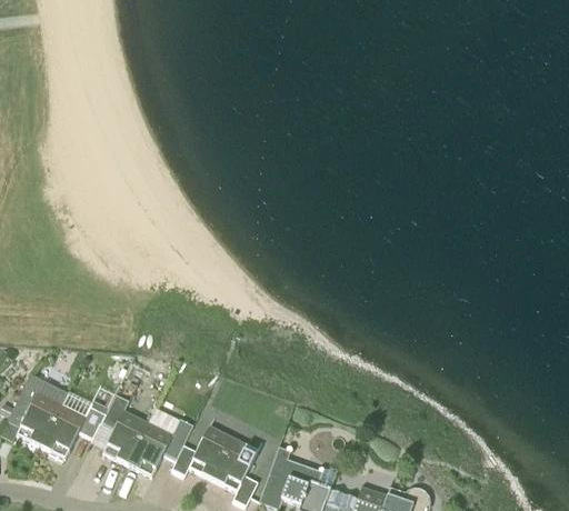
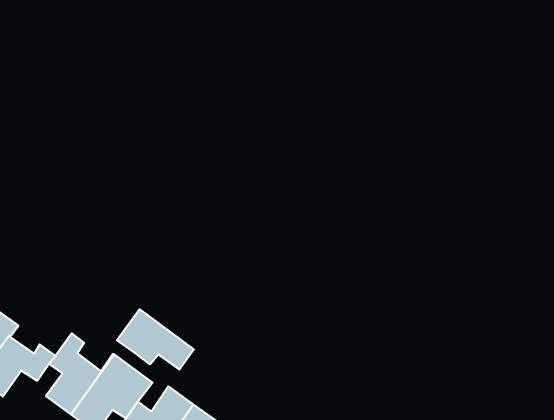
building: none -> [117,309,194,370]

